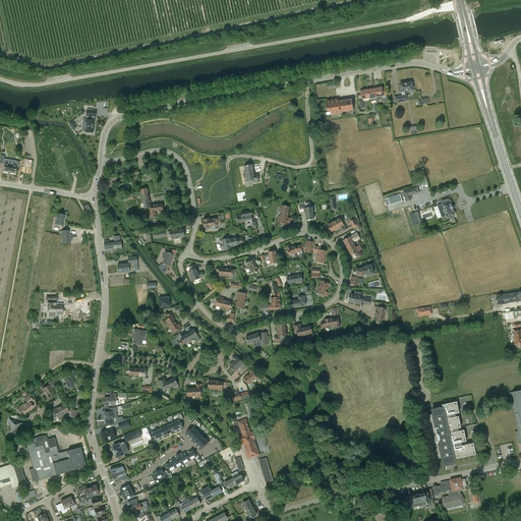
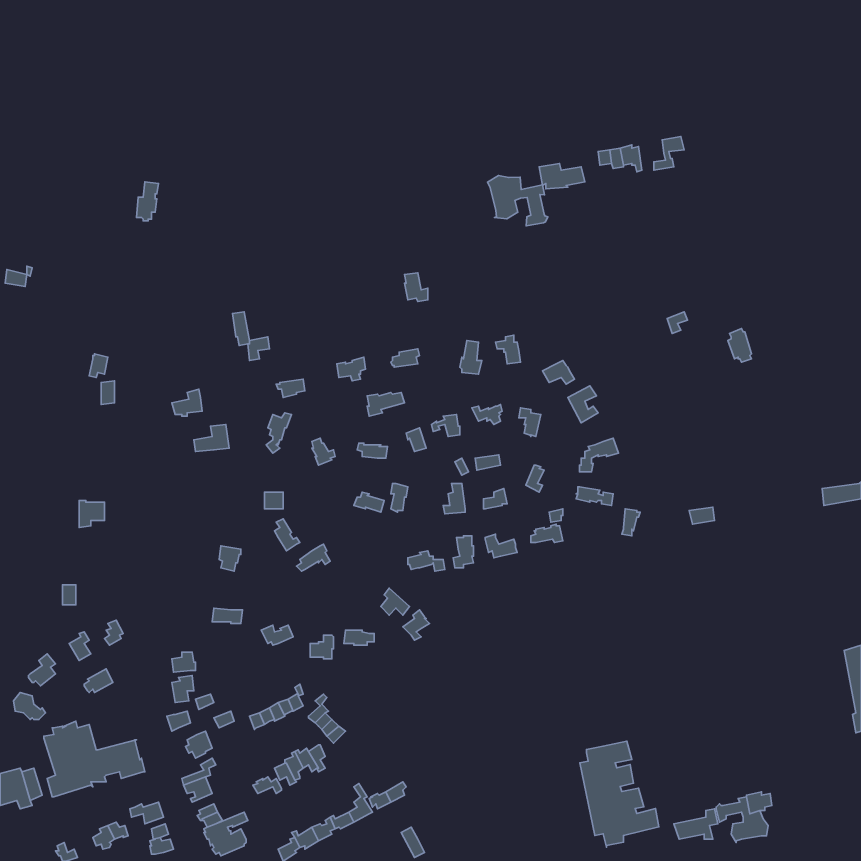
building: none -> [488,175,548,226]
building: [427,402,475,466] -> [580,741,659,847]
building: [233,419,258,458] -> none

